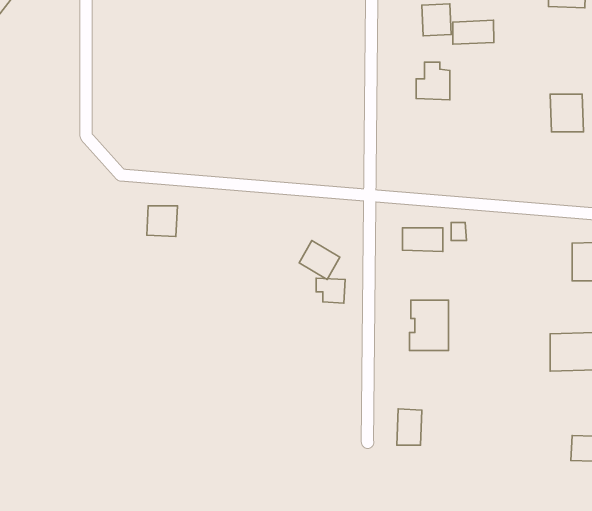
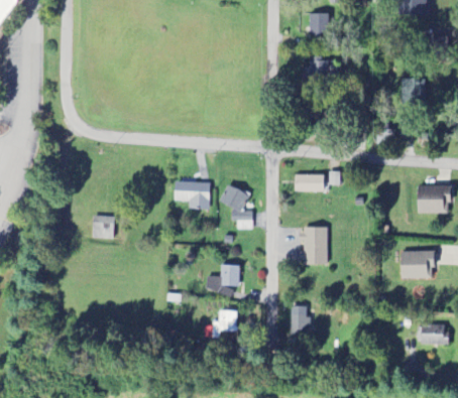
building: [453,20,494,44] -> none
building: [147,206,177,237] -> [92,216,114,238]
building: none -> [174,180,210,209]
building: none -> [205,264,239,293]
building: none -> [203,309,236,338]

